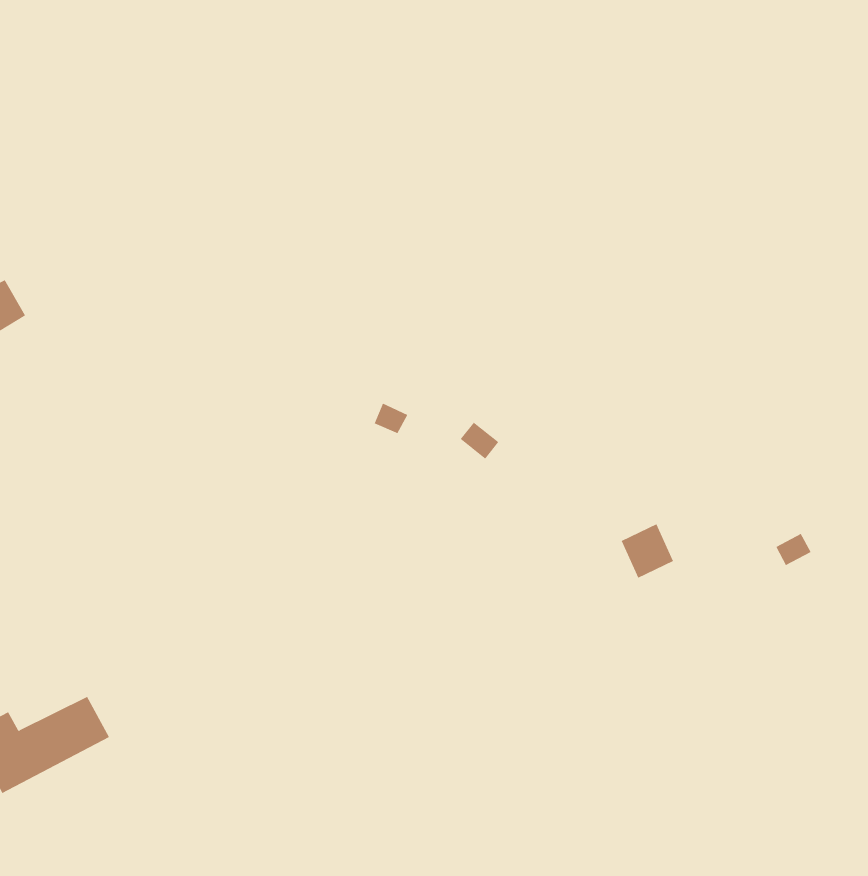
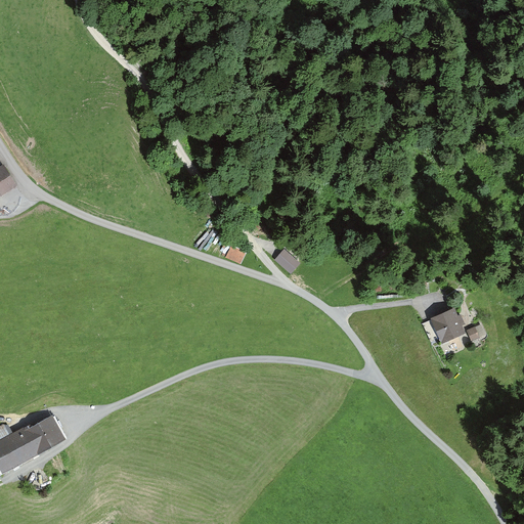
building: [621,524,674,578] -> [430,310,462,343]

